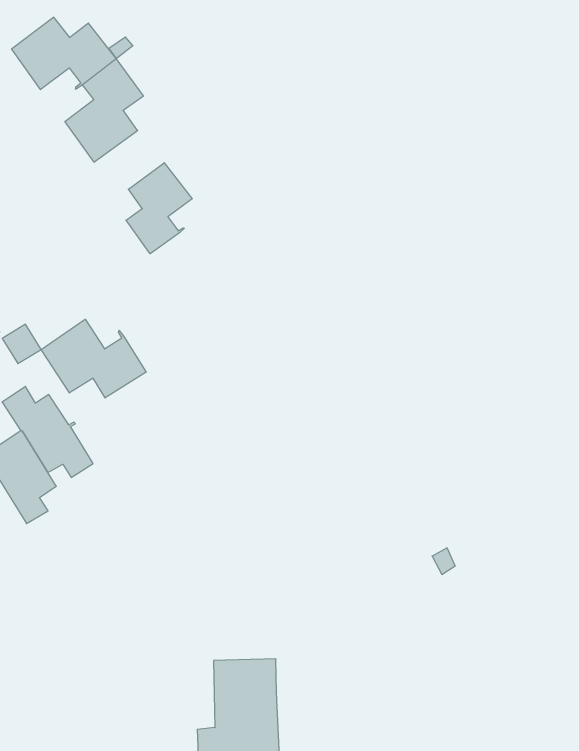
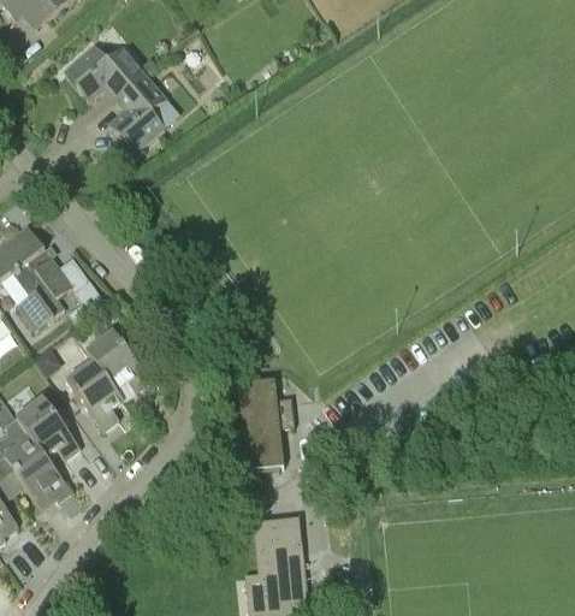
building: [126,163,192,254] -> none
building: [41,319,146,398] -> none
building: none -> [236,379,294,473]

